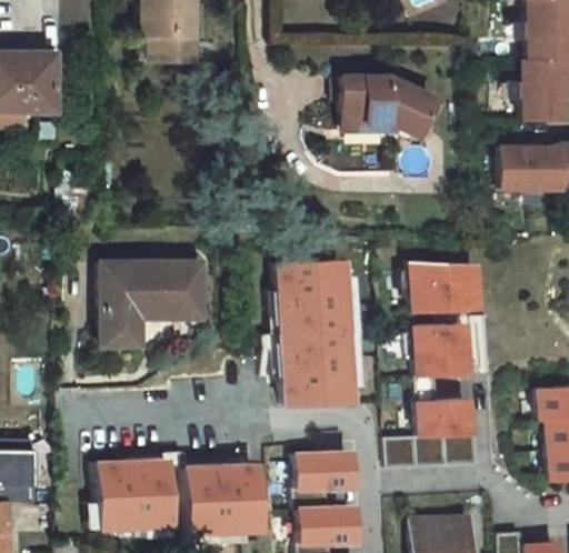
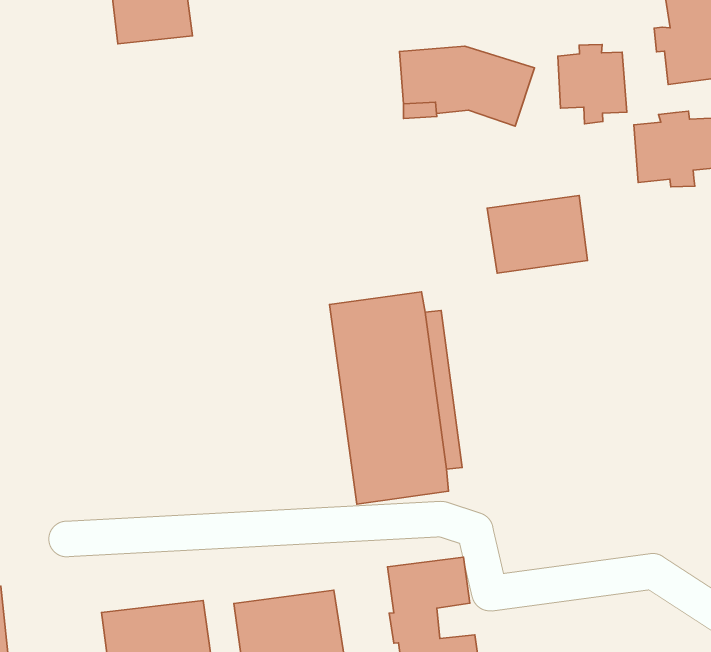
building: none -> [558,44,627,124]
building: [411,257,477,304] -> [487,195,587,273]
building: [97,267,198,350] -> none
building: [386,315,477,460] -> none

